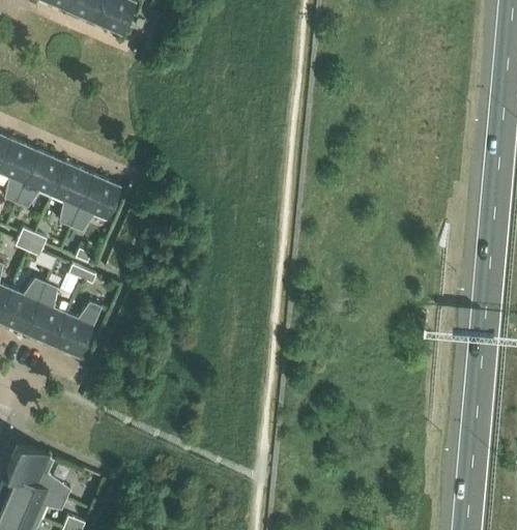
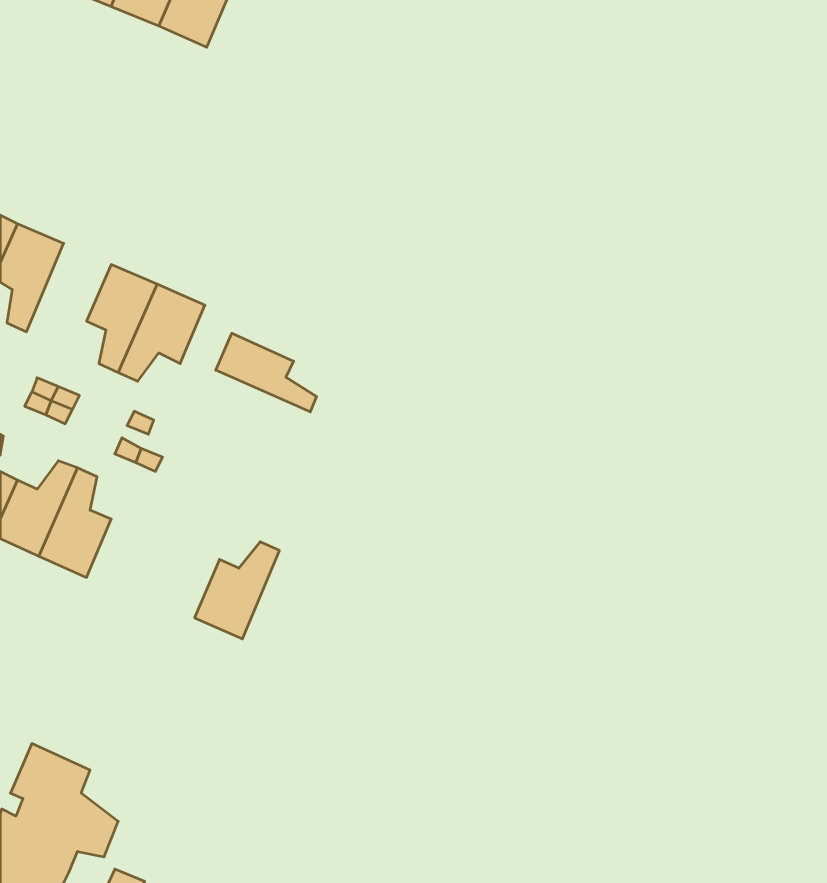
building: [16,150,65,207] -> none
building: none -> [216,333,317,412]
building: [51,301,100,358] -> [195,542,279,639]

